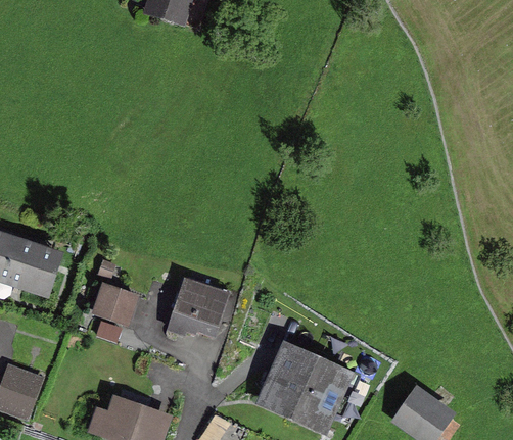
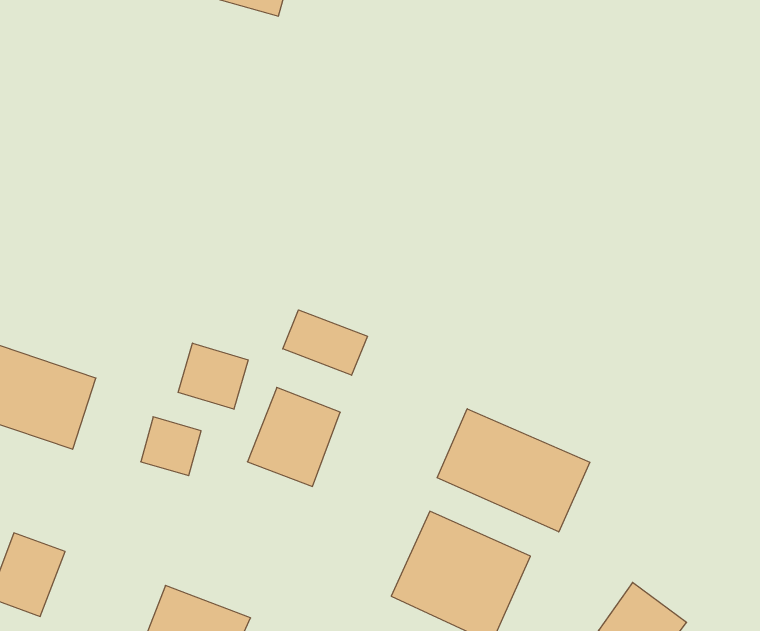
building: none -> [283,310,367,375]
building: none -> [178,343,248,409]
building: none -> [437,409,590,532]

